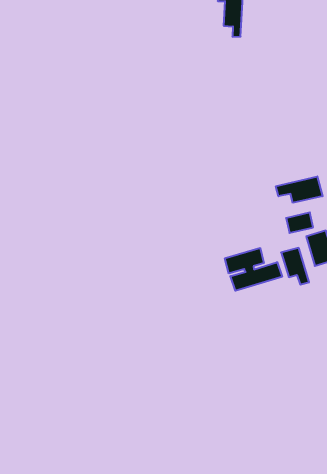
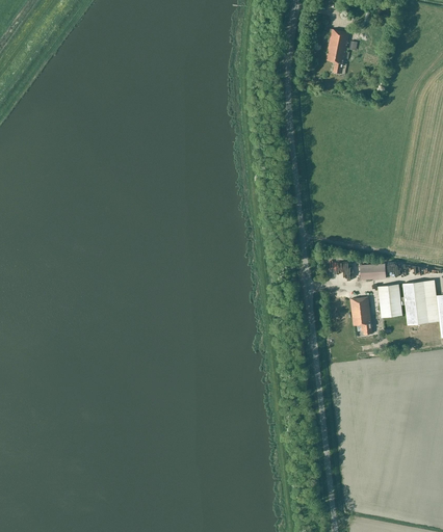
building: [276,176,323,203] -> none
building: [225,248,282,291] -> none

